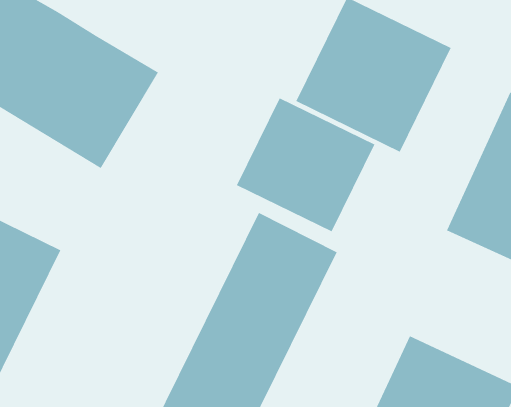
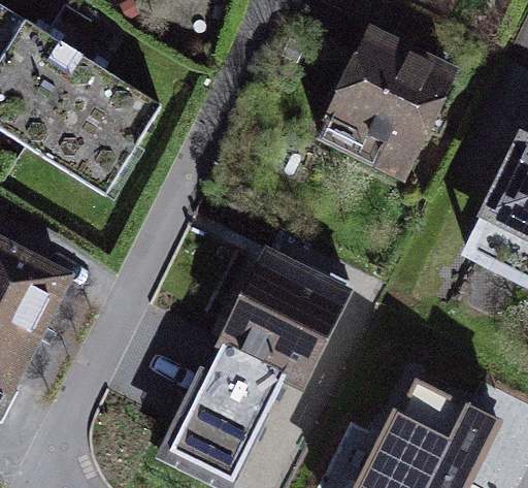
building: [236,97,375,232] -> none

